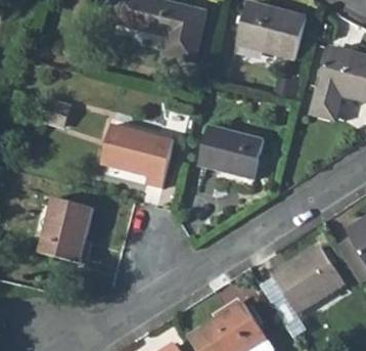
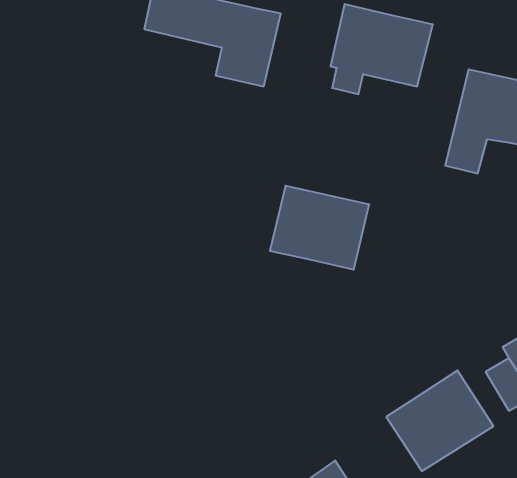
building: [97,125,171,191] -> none
building: [39,200,91,263] -> none

